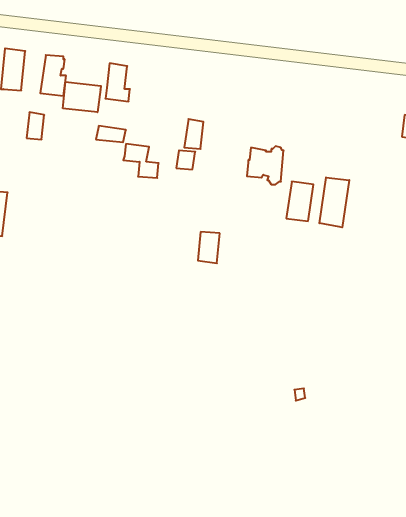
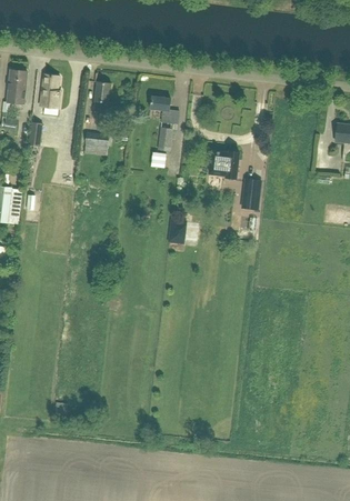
building: [63,82,101,112] -> none
building: [123,144,159,178] -> [149,96,178,123]
building: [319,177,349,227] -> none

